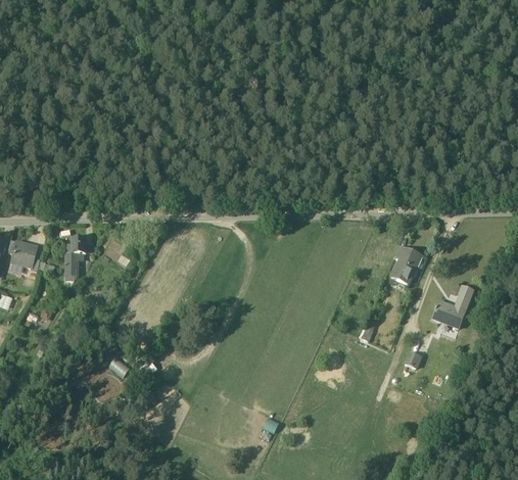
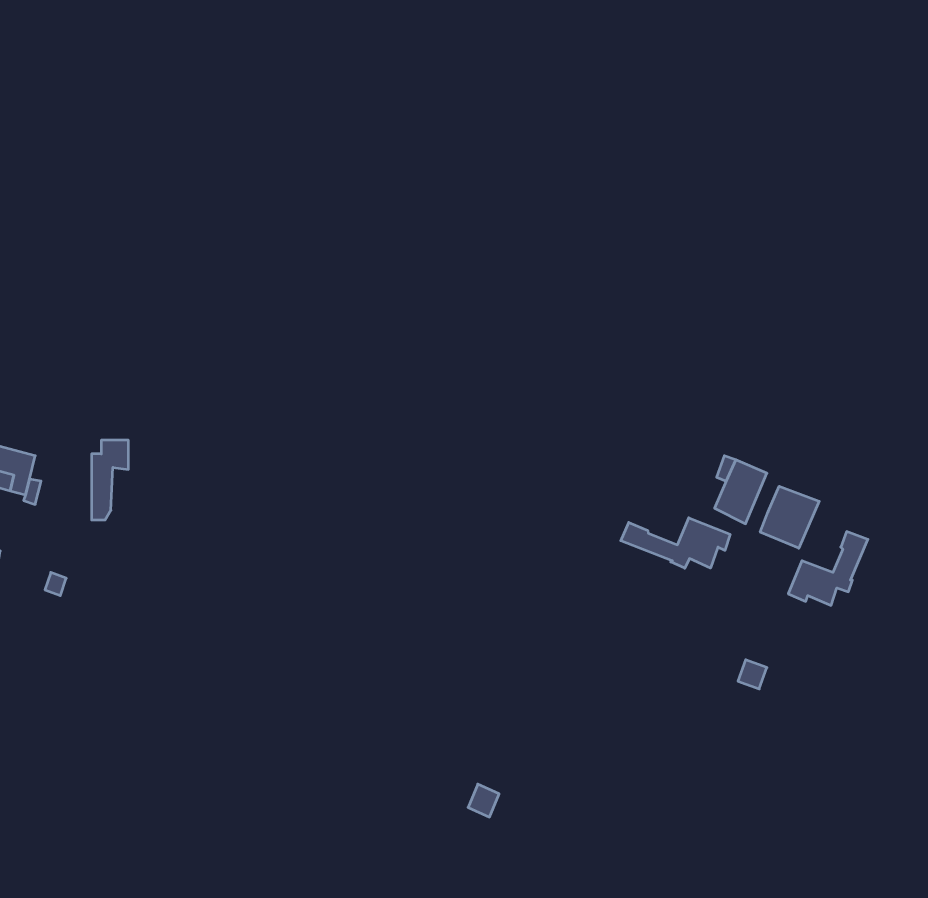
building: none -> [760,486,819,548]
building: none -> [621,518,730,568]

